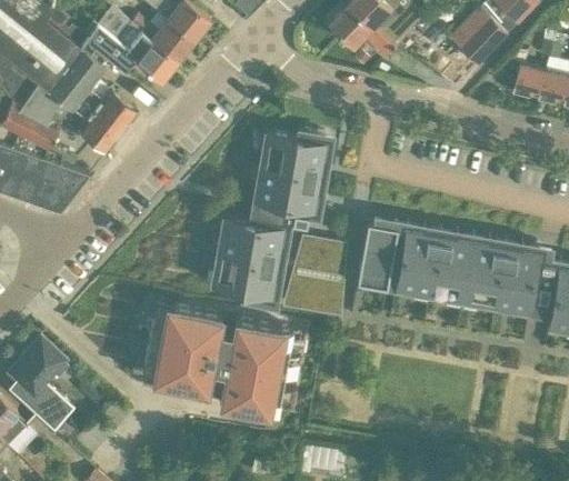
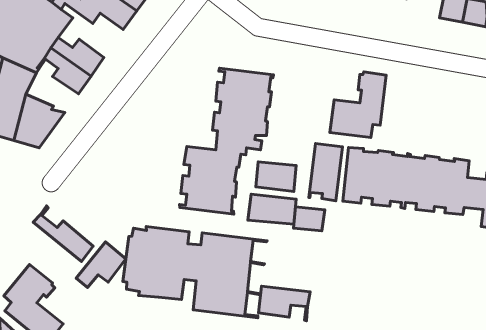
building: none -> [330,72,386,138]
building: none -> [33,206,93,261]
building: none -> [293,207,325,231]
building: none -> [76,242,126,288]
building: none -> [259,286,310,321]

